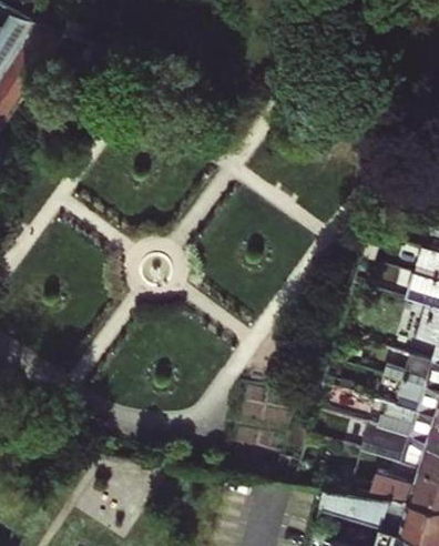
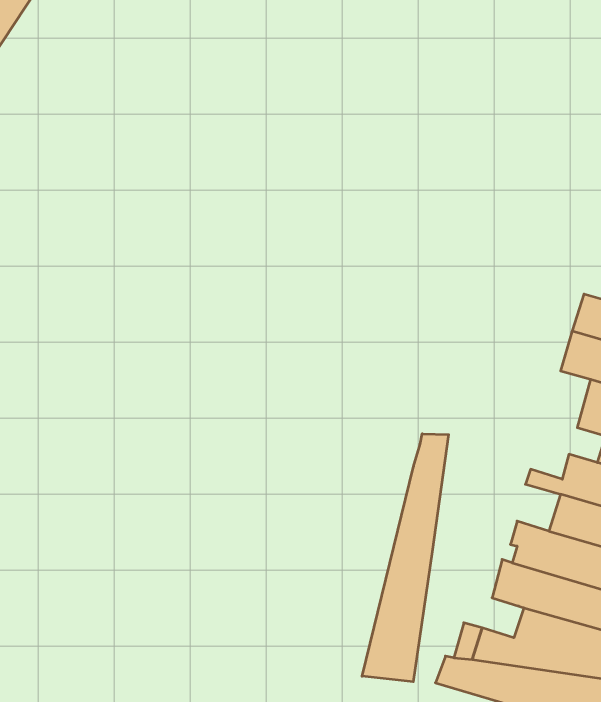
building: none -> [362,434,449,682]

